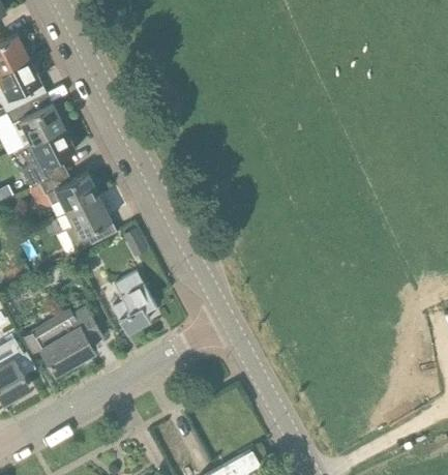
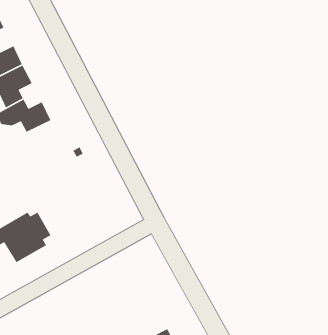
building: [65,198,111,253] -> none
building: [112,272,155,333] -> none

